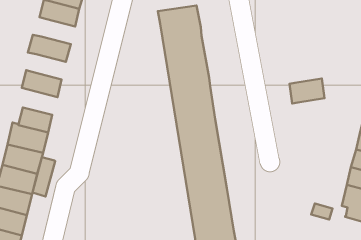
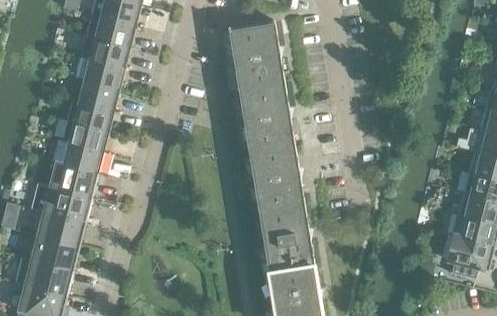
building: none -> [90,38,130,68]
building: none -> [79,80,119,110]
building: [289,78,325,104] -> none
building: none -> [61,120,109,152]
building: [32,157,55,196] -> none

